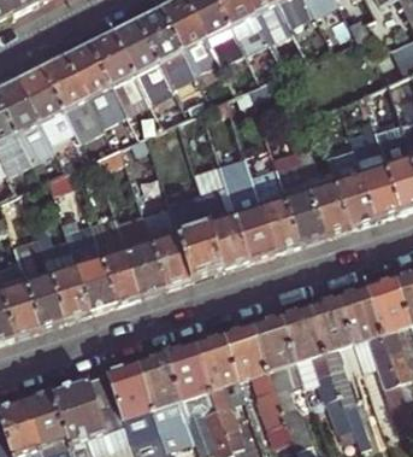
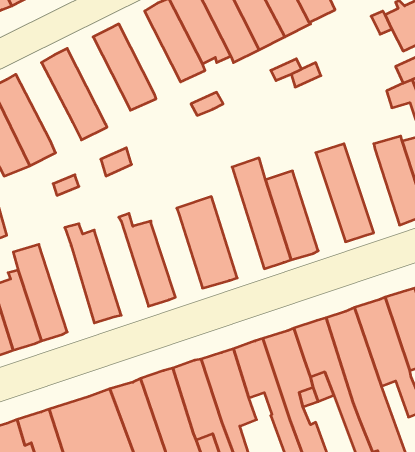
building: [113,18,171,96] -> none
building: [65,42,125,124] -> none
building: [17,66,70,140] -> none
building: [323,136,376,225] -> none
building: [272,151,325,242] -> none
building: [194,164,249,268] -> none
building: [143,209,191,286] -> none
building: [90,215,141,303] -> none
building: [39,233,90,318] -> none

